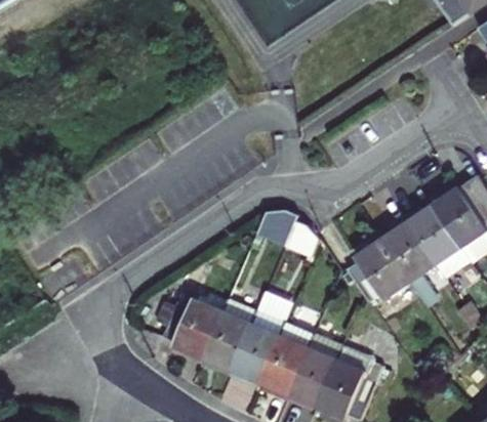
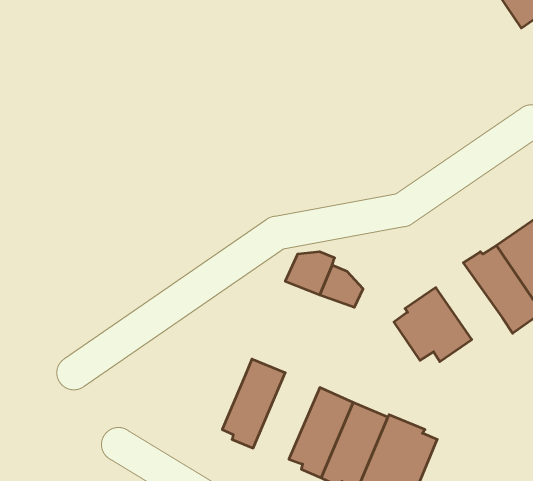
building: [380,219,436,283] -> none
building: [229,292,291,382] -> none
building: [163,293,222,357] -> none

